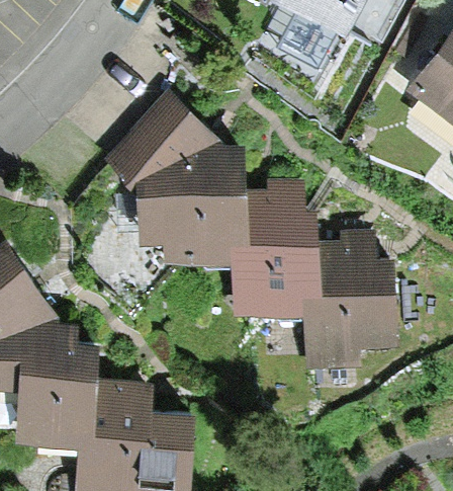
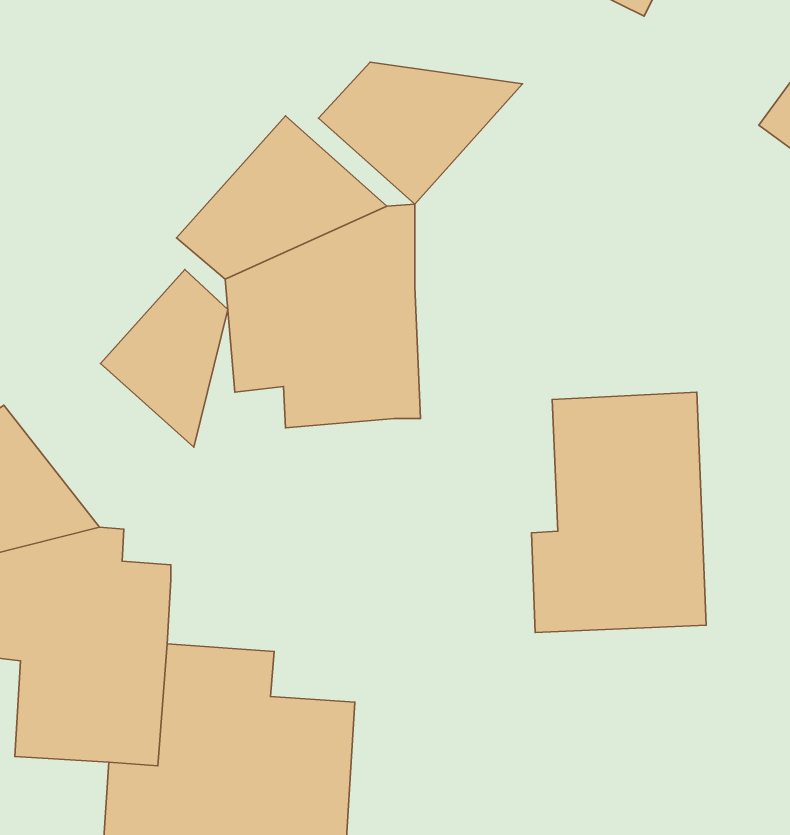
building: none -> [319,62,523,204]
building: none -> [101,269,228,447]
building: [219,182,307,320] -> none

